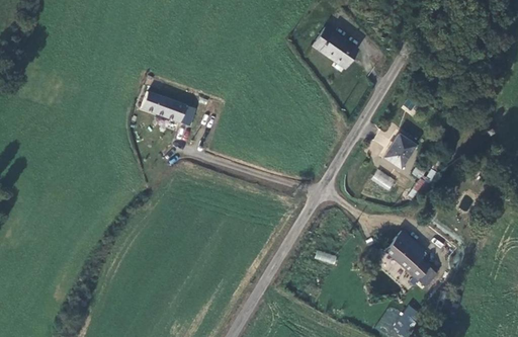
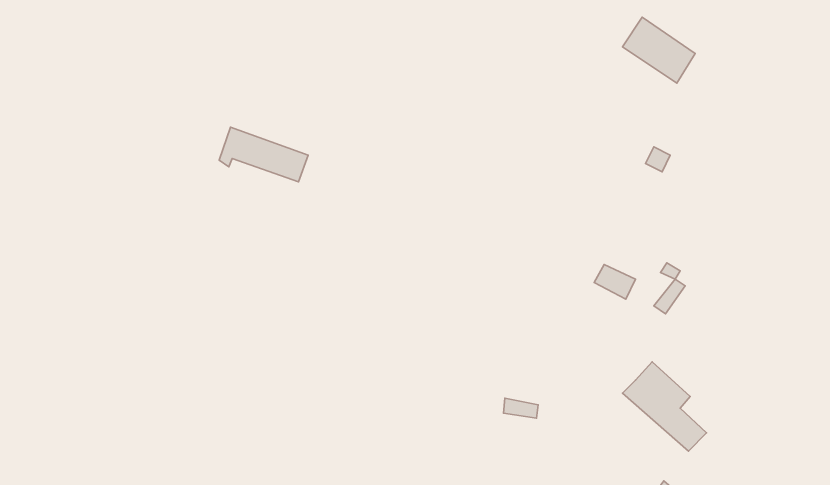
building: [309,23,353,64] -> [622,17,695,83]
building: [382,135,415,167] -> none

